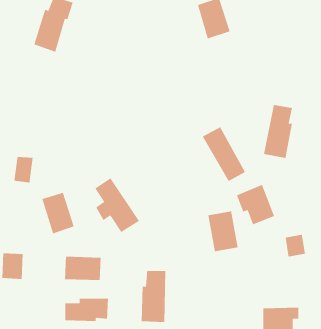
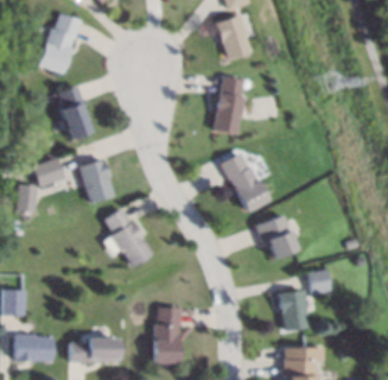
building: none -> [59,84,91,138]
building: [263,104,293,159] -> [211,76,243,134]
building: none -> [34,157,66,186]
building: [41,192,75,234] -> [81,159,116,204]
building: [207,211,238,252] -> [278,287,311,331]
building: [64,256,102,281] -> [14,335,55,361]

